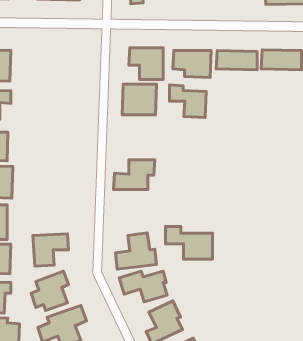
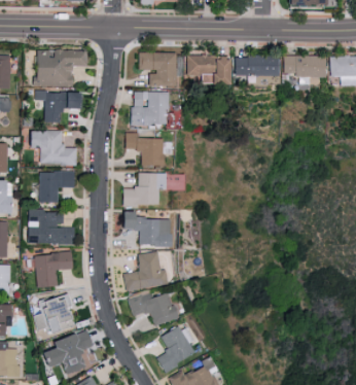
building: none -> [35,49,87,86]
building: none -> [35,92,79,122]
building: [170,85,206,117] -> [126,132,165,167]
building: none -> [27,131,77,165]
building: none -> [40,171,75,203]
building: none -> [28,211,75,244]
building: [165,226,212,259] -> [120,211,171,246]

